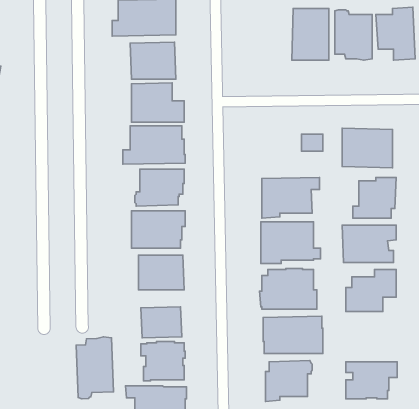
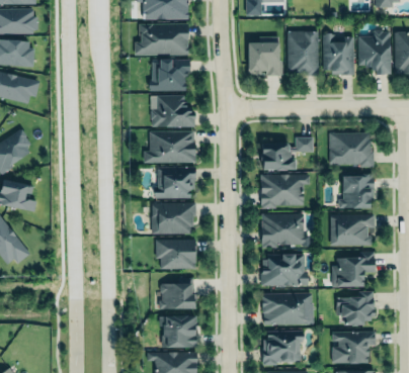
building: none -> [248,36,282,76]
building: none -> [261,145,296,171]
building: none -> [336,290,376,322]
building: [76,337,114,399] -> none

